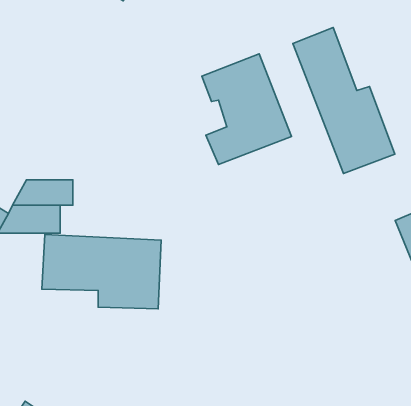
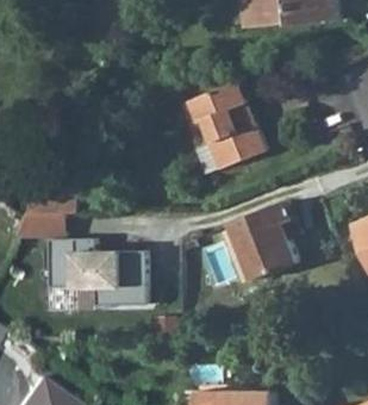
building: [293,27,395,174] -> none
building: none -> [230,204,299,281]

